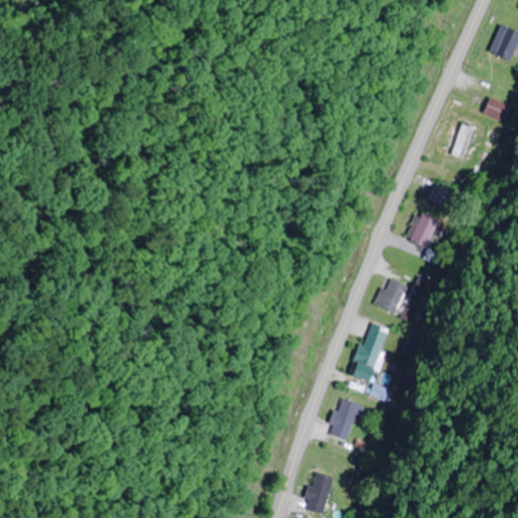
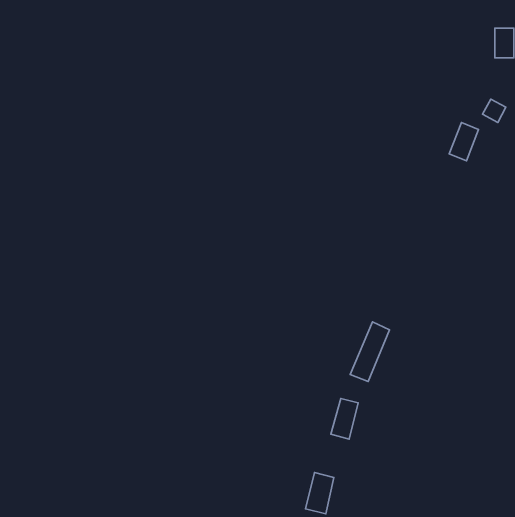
building: [406,212,435,247] -> none
building: [376,277,410,314] -> none

